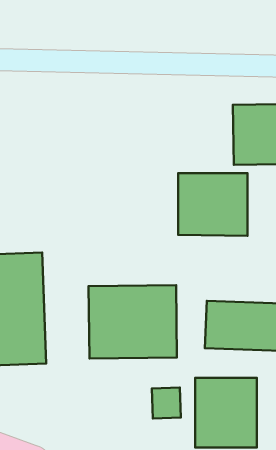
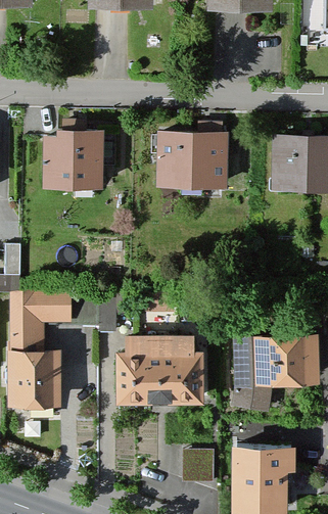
building: none -> [46,132,106,201]
building: [178,173,248,236] -> [158,130,232,196]

